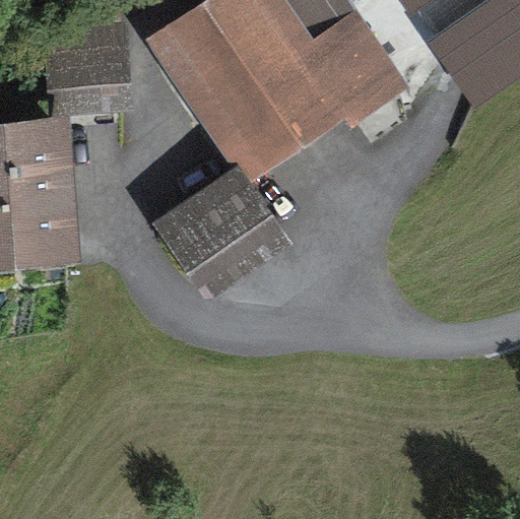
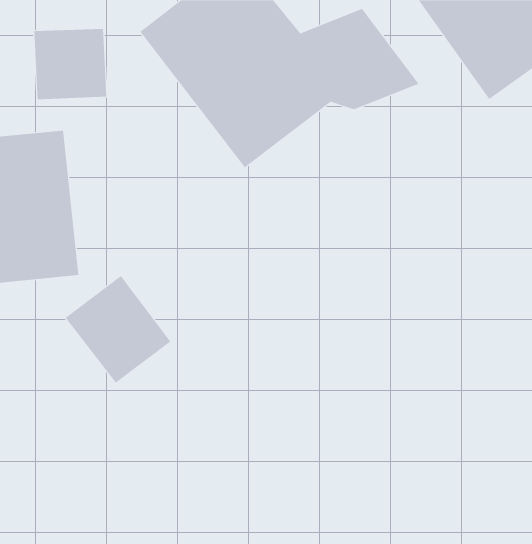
building: [153,170,276,287] -> none
building: none -> [65,275,171,383]

